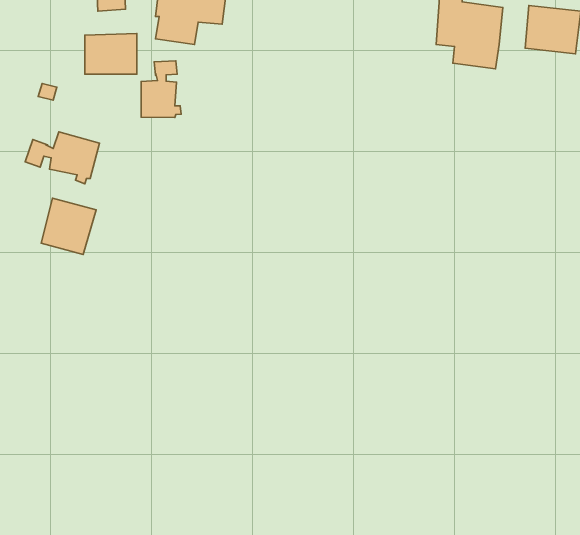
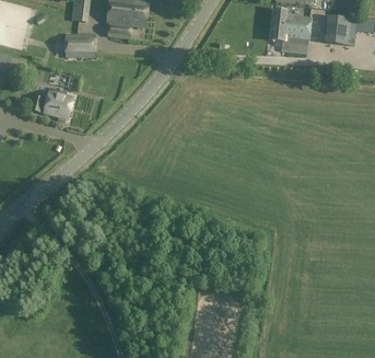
building: [141,61,181,117] -> none
building: [41,198,96,255] -> none

